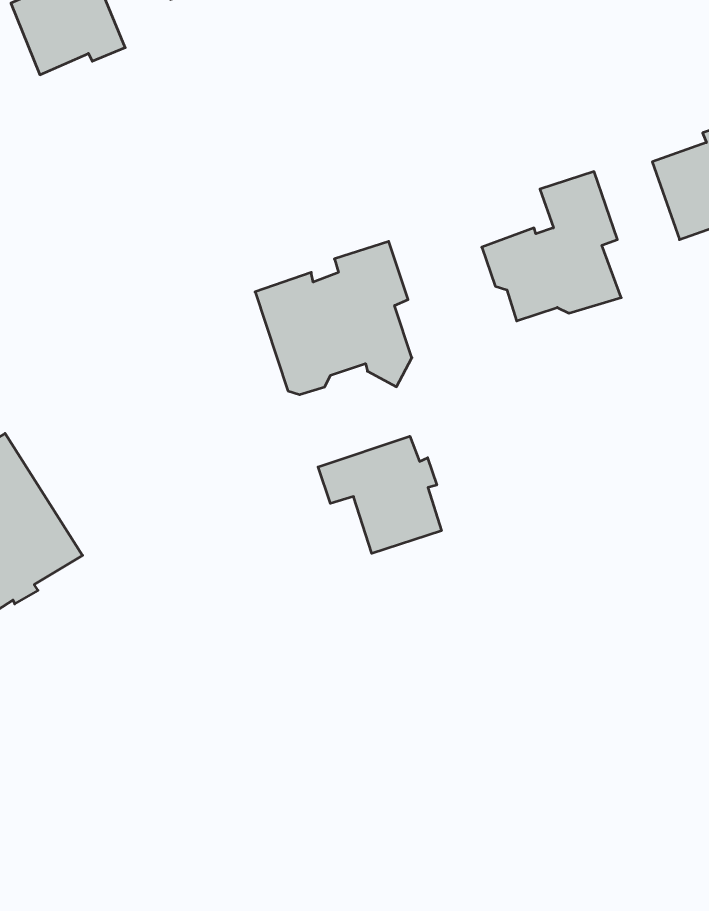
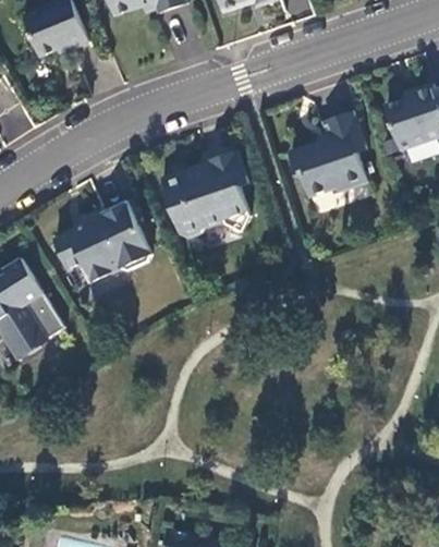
building: none -> [54,200,150,281]
building: [318,436,441,553] -> none

